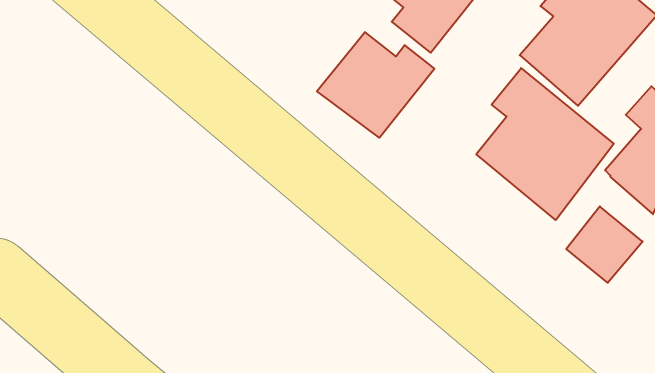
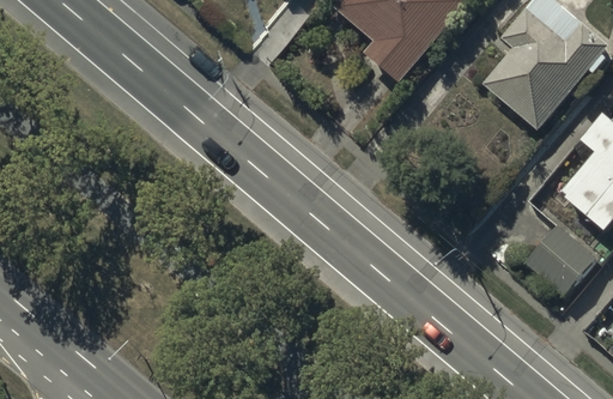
building: [317,32,434,138] -> none
building: [476,68,614,220] -> none

